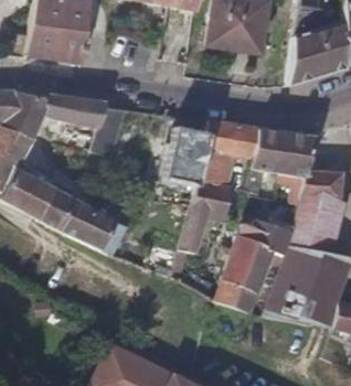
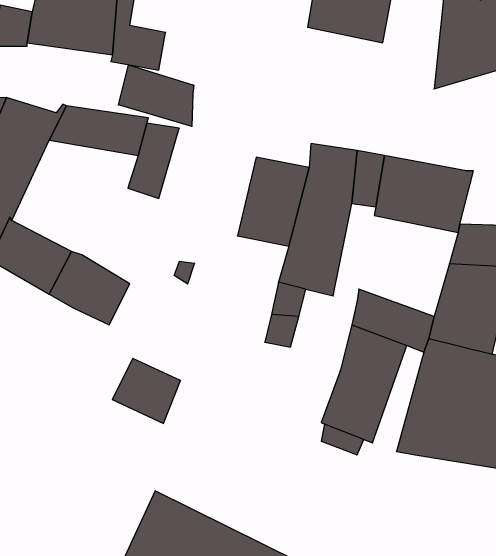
building: none -> [118,65,194,126]
building: [81,210,125,251] -> [112,358,181,423]

